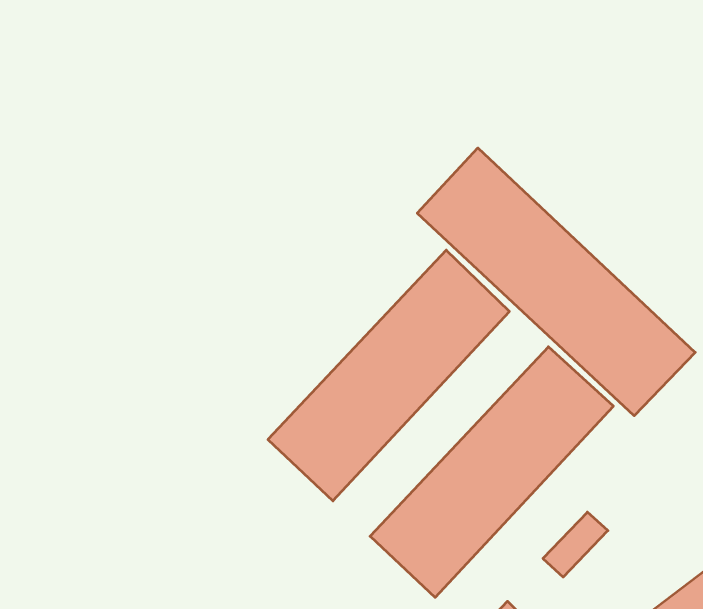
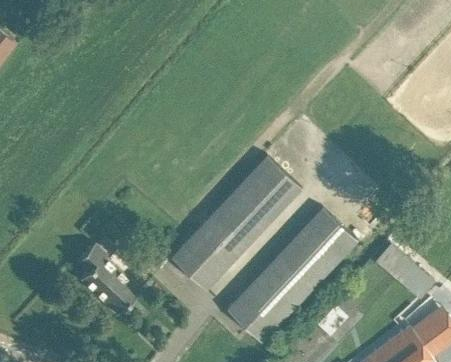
building: [417,148,695,416] -> none
building: none -> [78,243,142,315]

